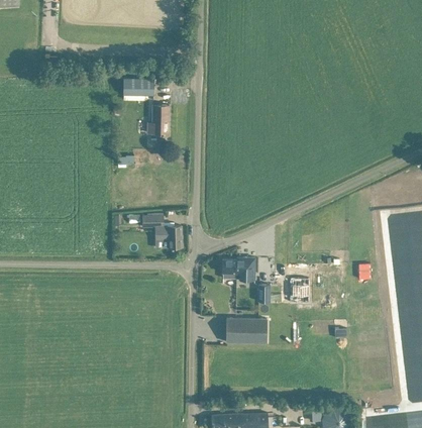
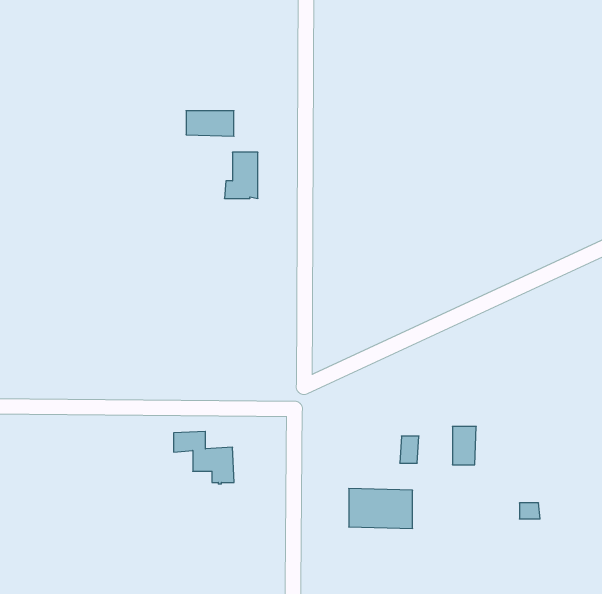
building: [143,215,182,248] -> [174,431,234,484]
building: [222,257,255,280] -> none

